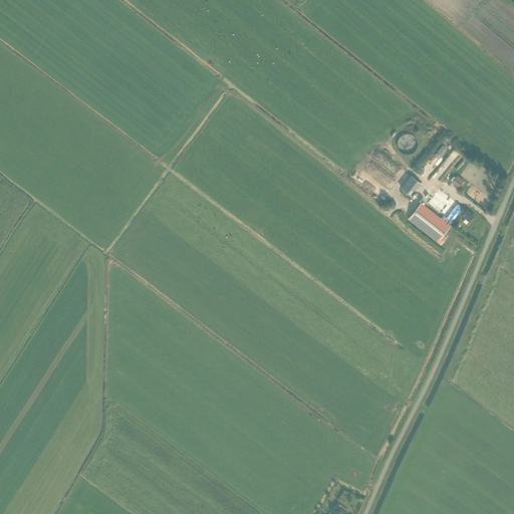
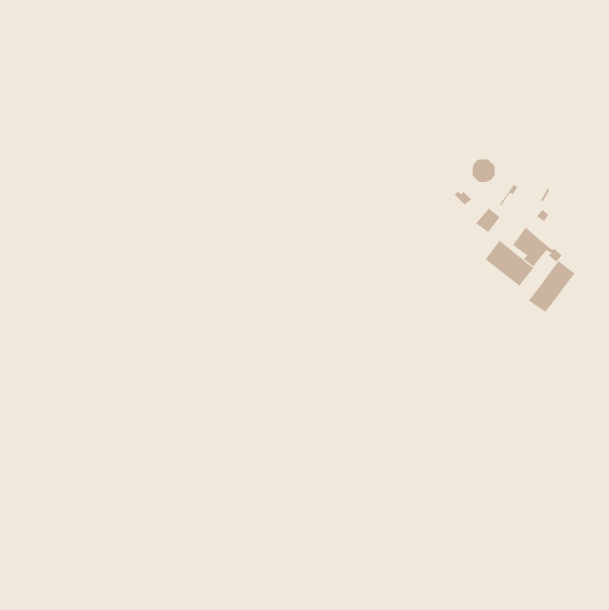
building: none -> [528,260,575,313]

